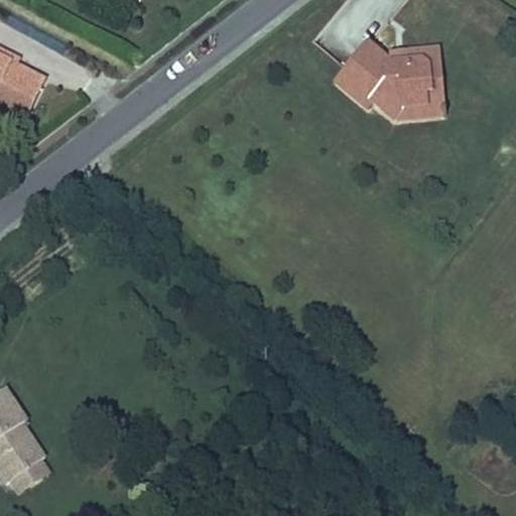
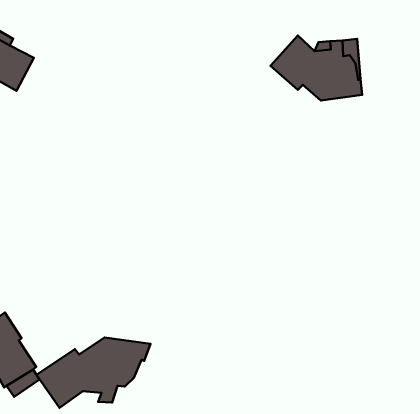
building: none -> [37,338,150,408]

